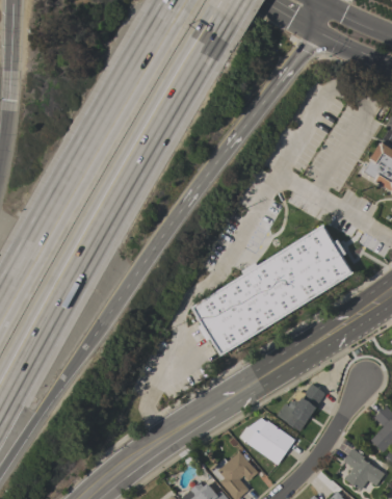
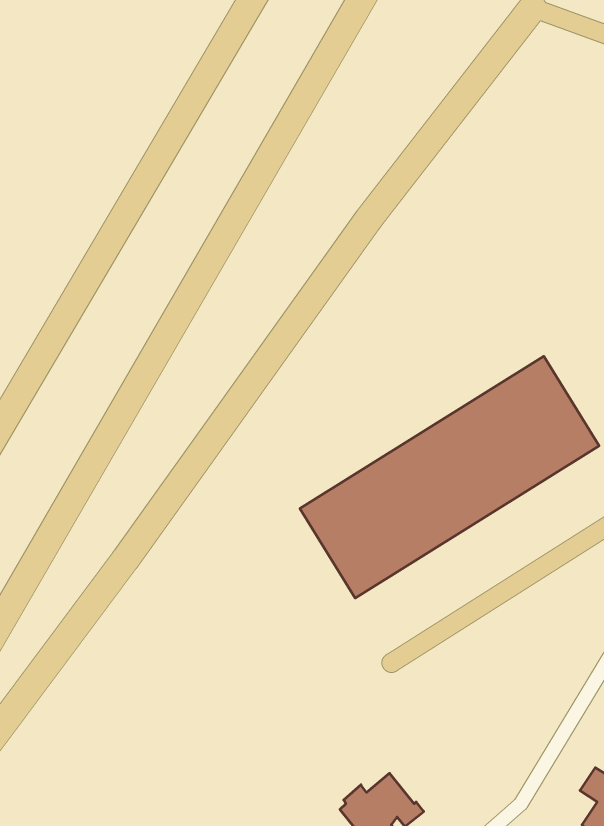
building: [277,384,325,431] -> none
building: [240,418,294,464] -> none

